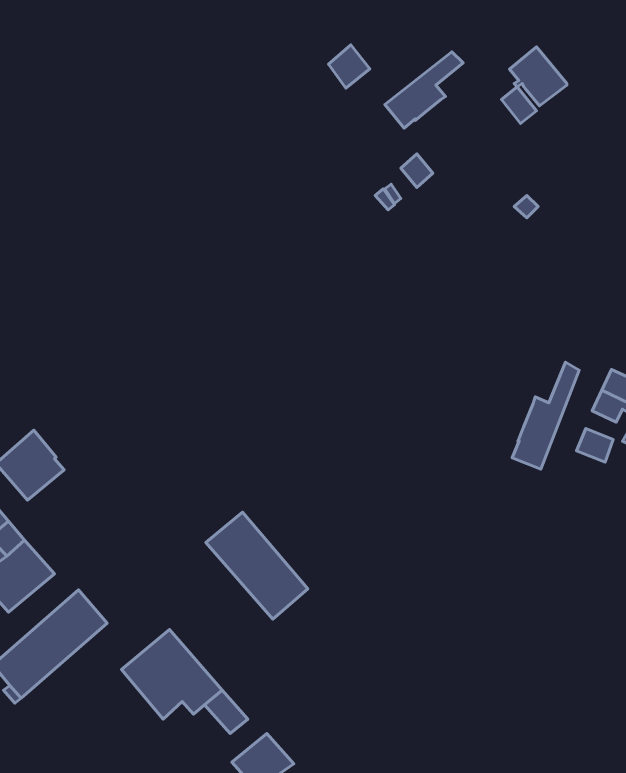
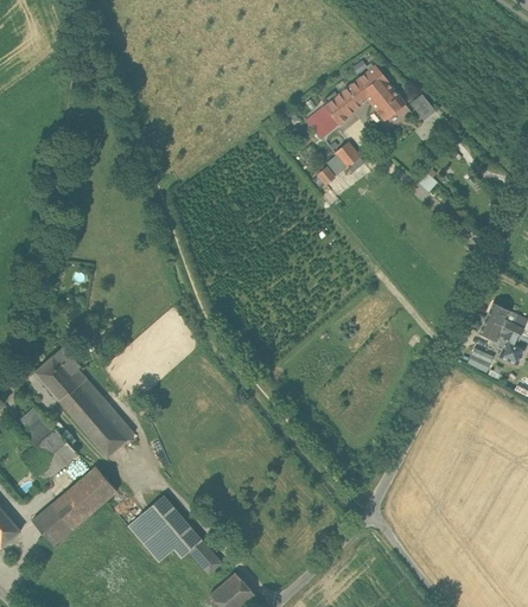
building: [328,45,370,88] -> [307,106,338,138]
building: [509,47,567,106] -> [362,75,405,119]
building: [512,362,579,469] -> none
building: [206,512,308,619] -> [58,377,134,456]

